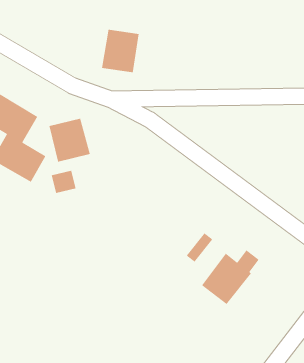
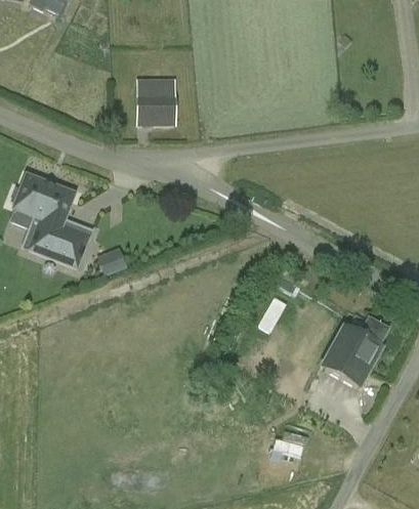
building: [49,118,90,163] -> none
building: [201,249,259,305] -> [325,317,385,382]

